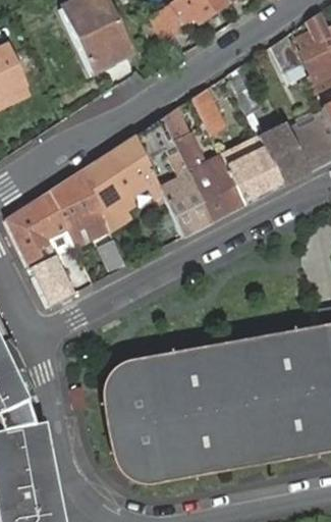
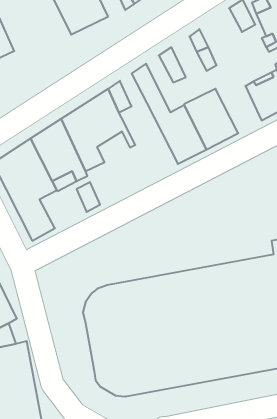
building: [254,123,308,187] -> none
building: [153,153,213,238] -> none

